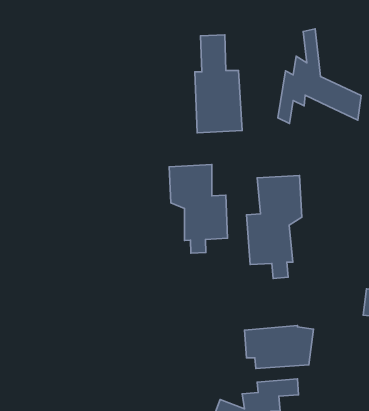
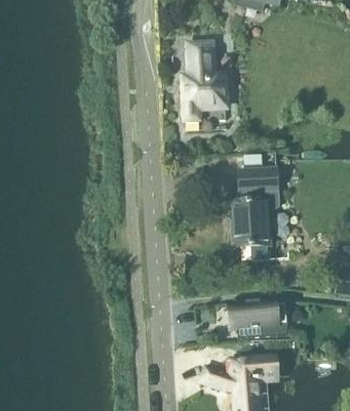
building: [278,29,361,124] -> none
building: [169,165,227,253] -> none

